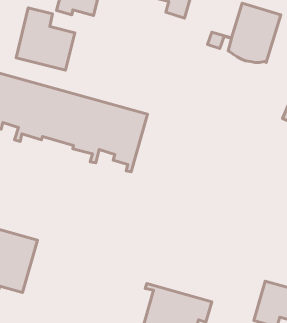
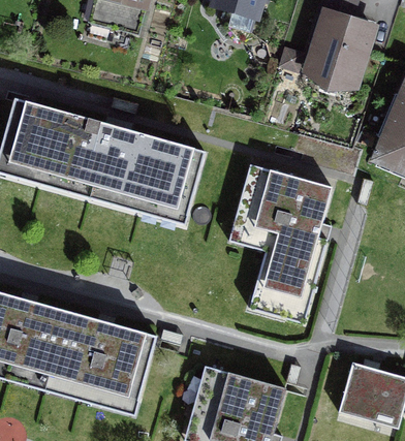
building: [16,8,75,70] -> none
building: none -> [242,166,332,308]
building: none -> [48,312,156,403]

